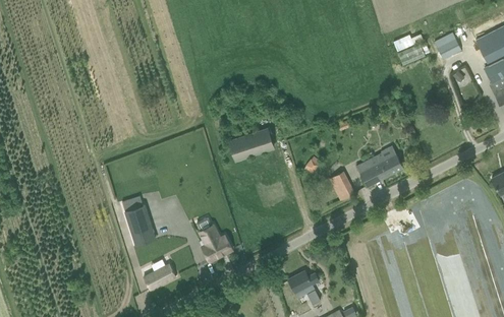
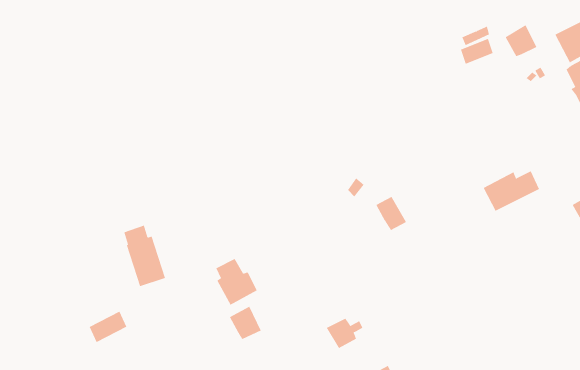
building: [227,127,273,161] -> none
building: [356,152,403,186] -> [483,170,540,211]
building: none -> [229,306,261,340]
building: [144,263,175,290] -> [89,311,127,343]

